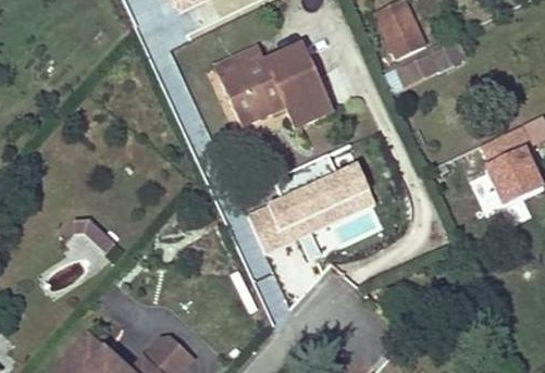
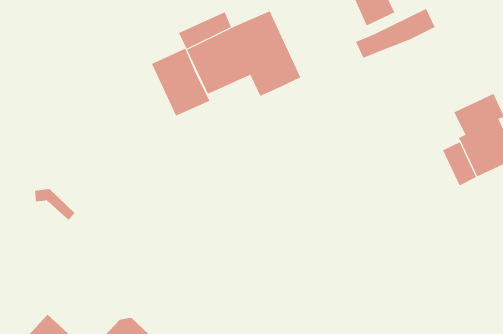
building: none -> [151,48,210,116]
building: [248,163,377,254] -> none

